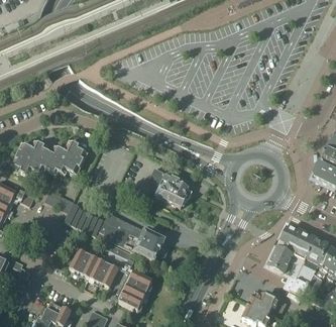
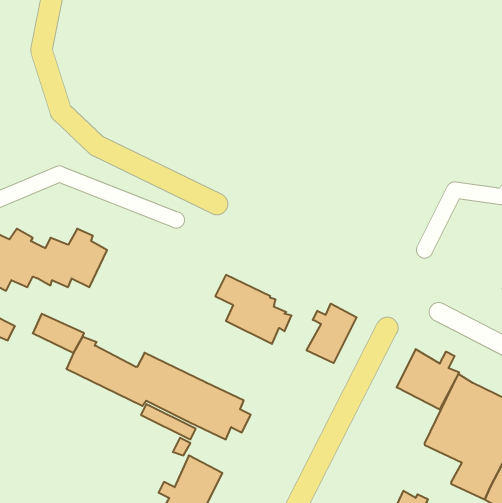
building: none -> [307,304,357,363]
building: none -> [397,349,459,409]
building: [70,241,121,286] -> none

